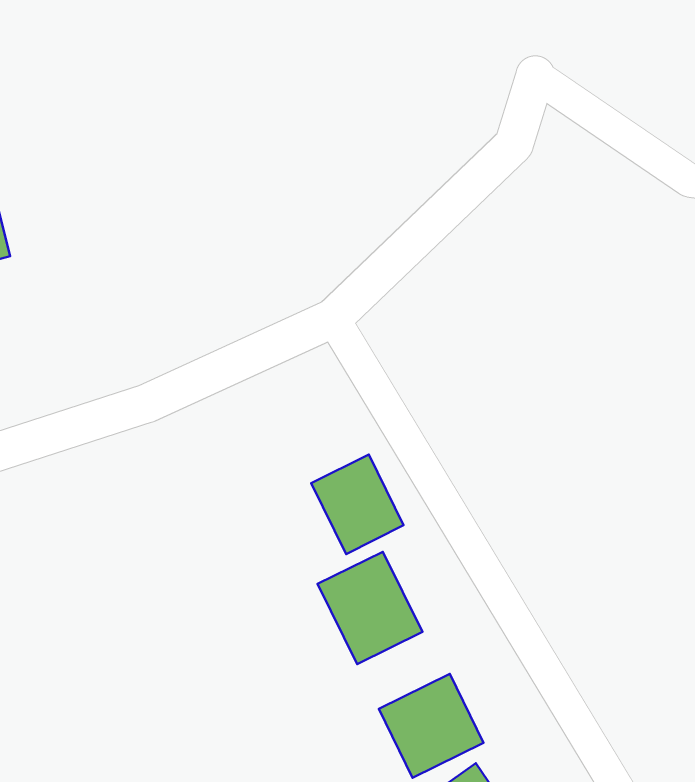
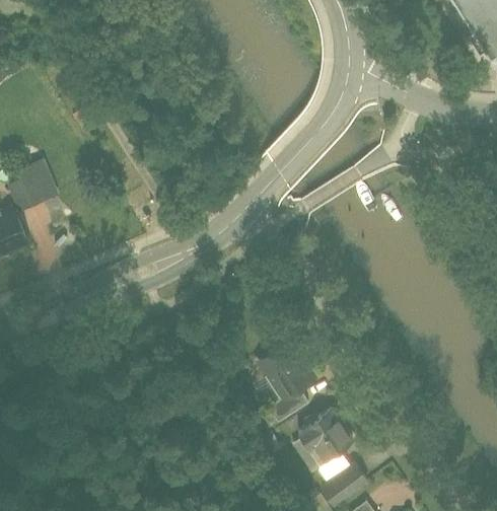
building: [311,454,404,554] -> none

